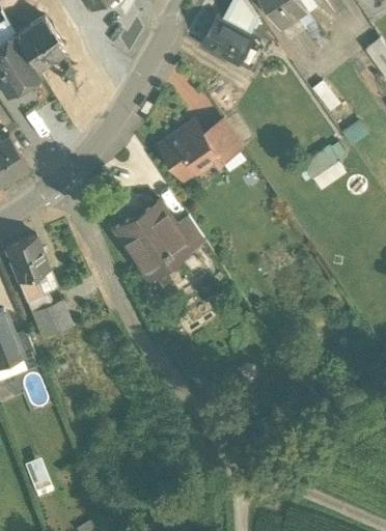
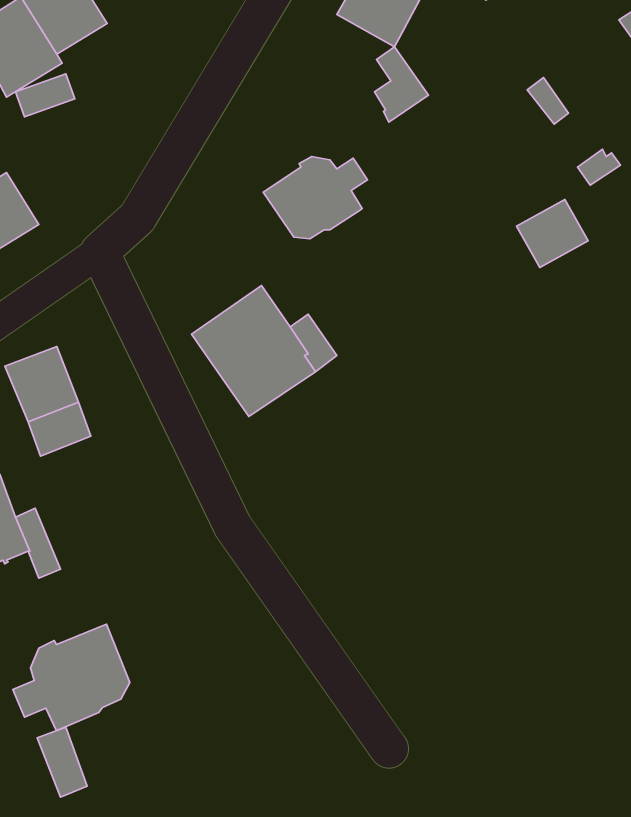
building: [208,120,239,164] -> [375,47,428,122]
building: [32,300,73,338] -> none
building: none -> [13,624,130,730]

